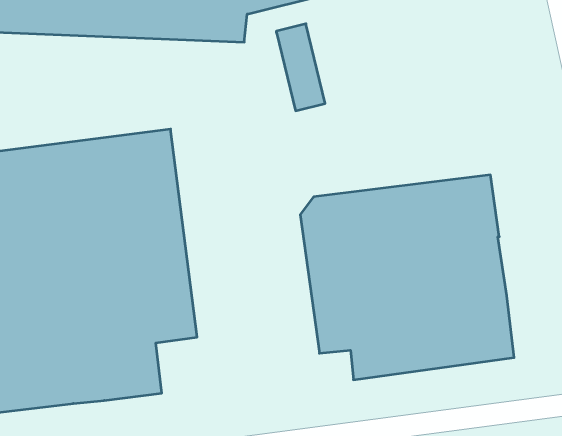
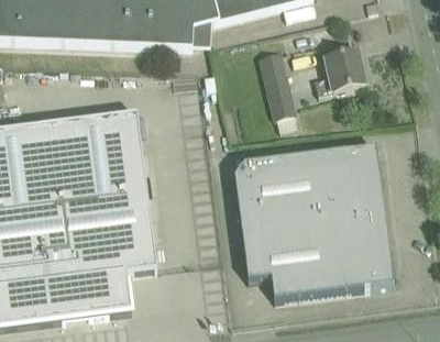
building: [276,24,325,111] -> [260,51,296,115]
building: none -> [315,47,365,91]

